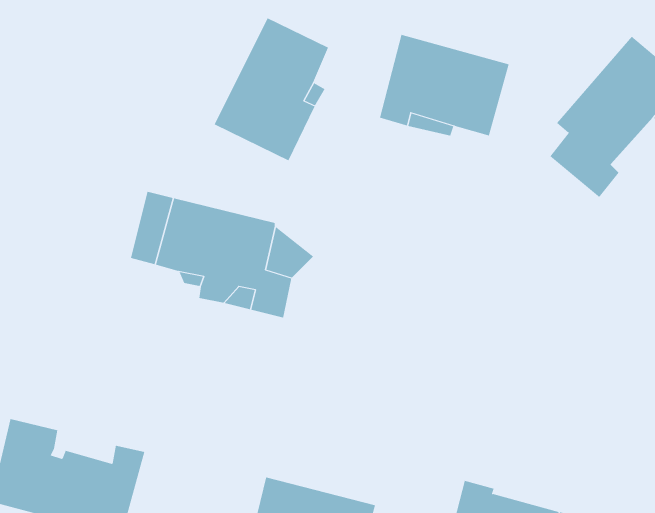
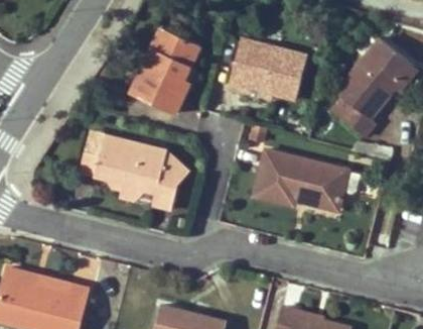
building: none -> [254,150,348,210]

